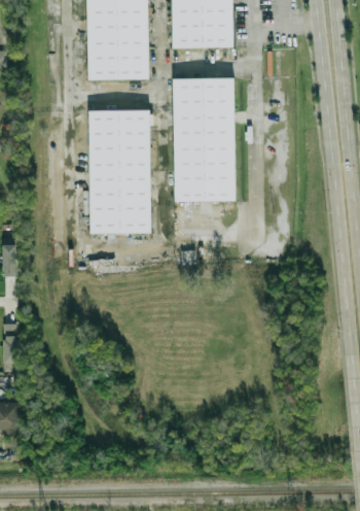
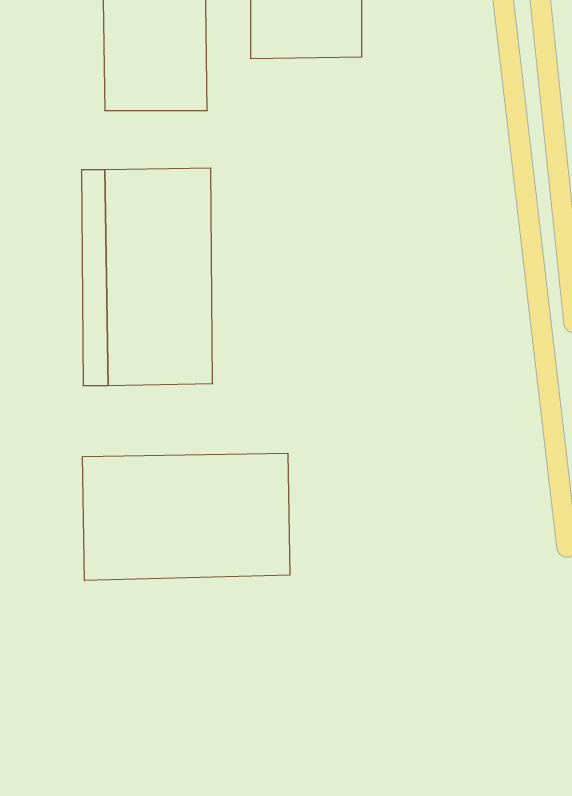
building: [176,76,238,201] -> none
building: none -> [82,453,290,581]

